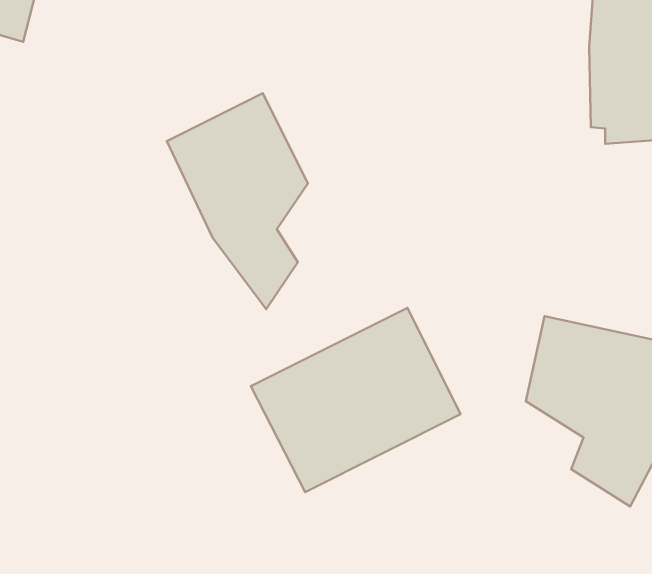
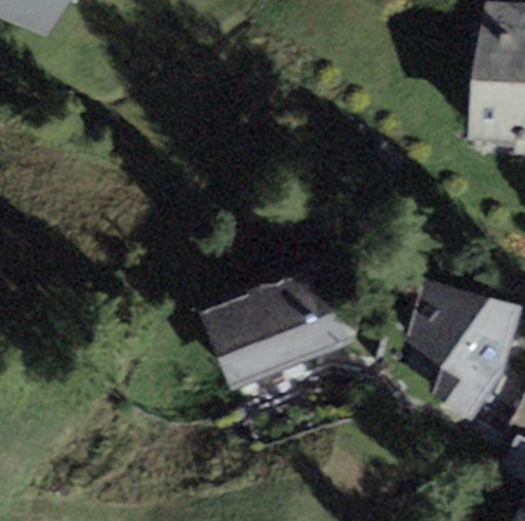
building: [167,93,308,309] -> none

